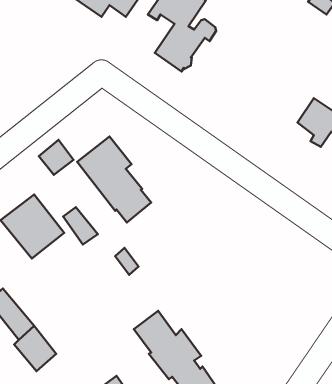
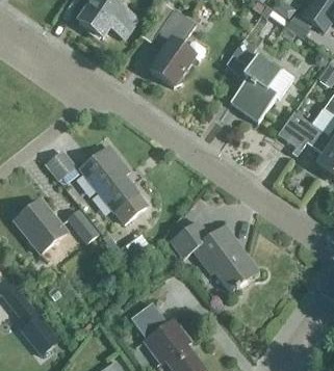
building: none -> [230,36,293,123]
building: none -> [172,221,258,290]

